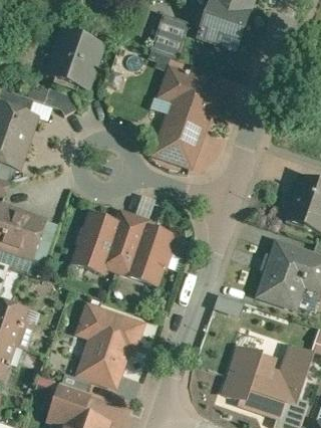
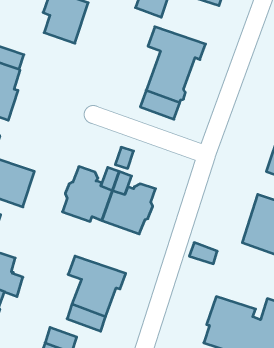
building: [44,86,78,115] -> none

